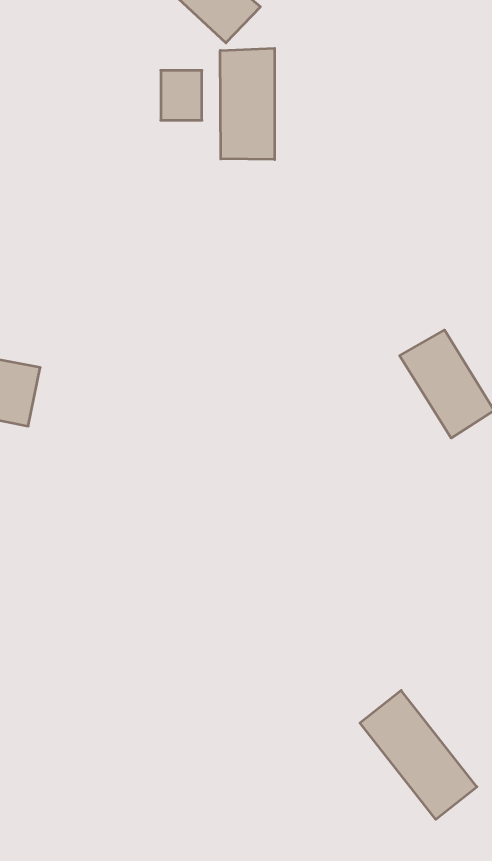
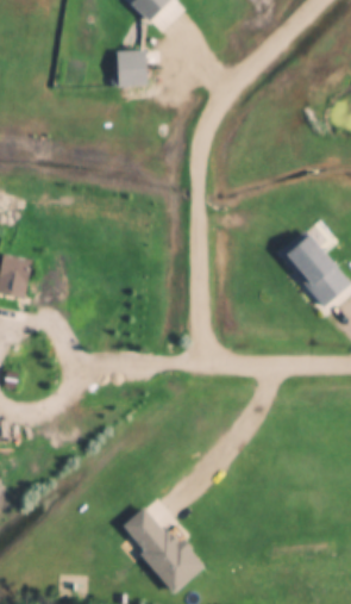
building: [220,48,275,160] -> none
building: [360,690,477,819] -> [120,504,201,593]

